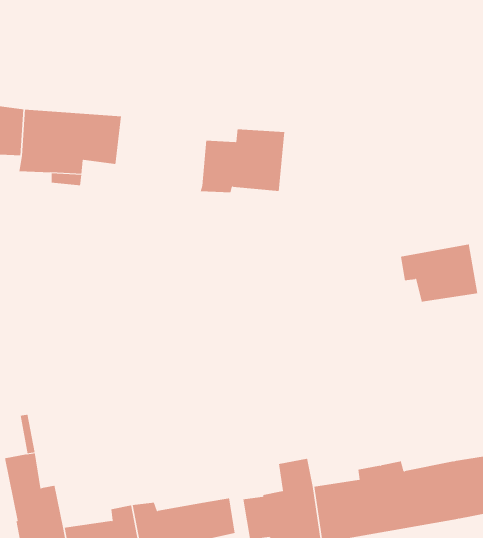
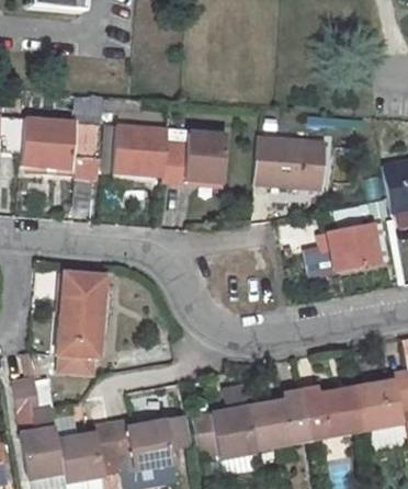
building: none -> [112,123,169,175]
building: none -> [256,137,327,192]
building: none -> [57,271,104,357]

